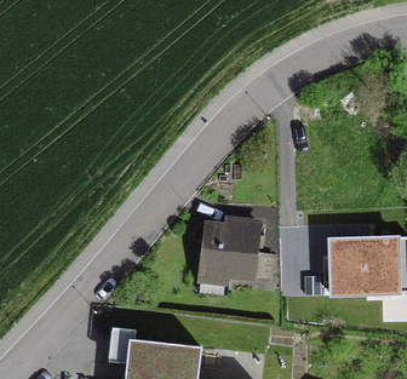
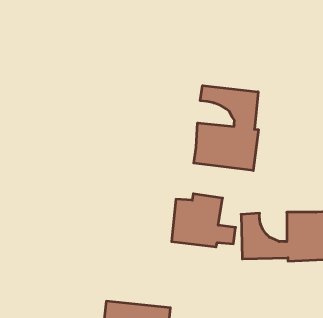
building: none -> [194,86,258,171]

